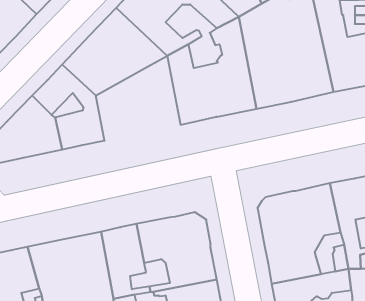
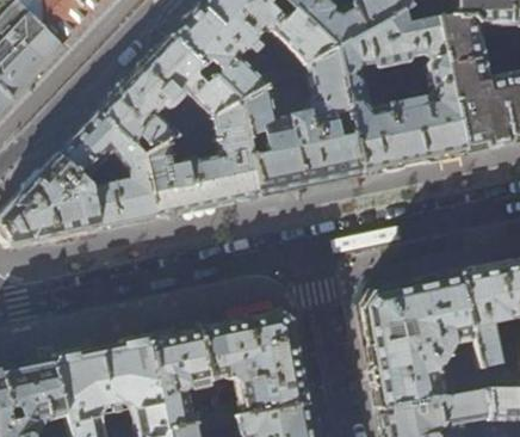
building: none -> [142,101,256,216]

